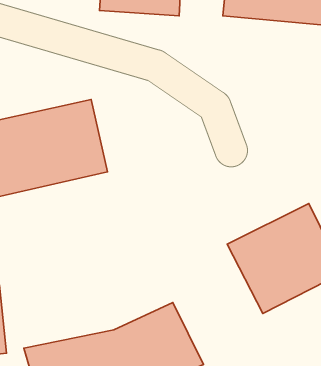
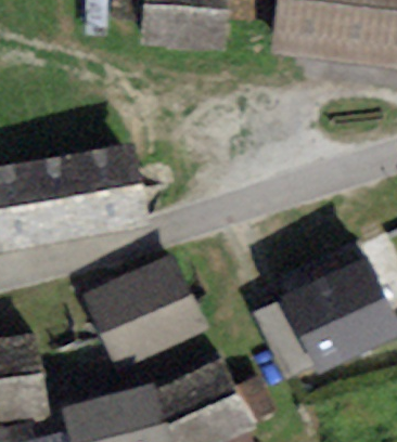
building: none -> [81,257,208,373]

